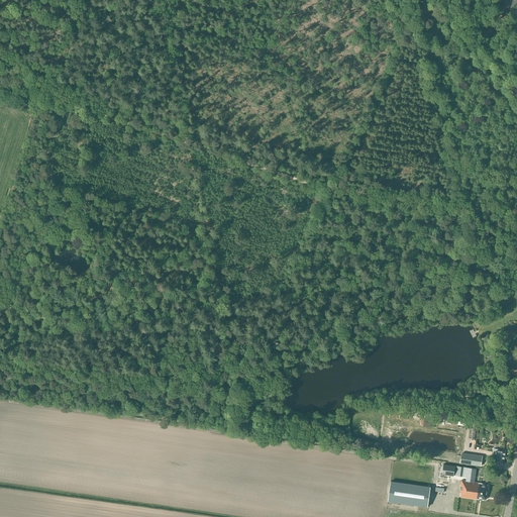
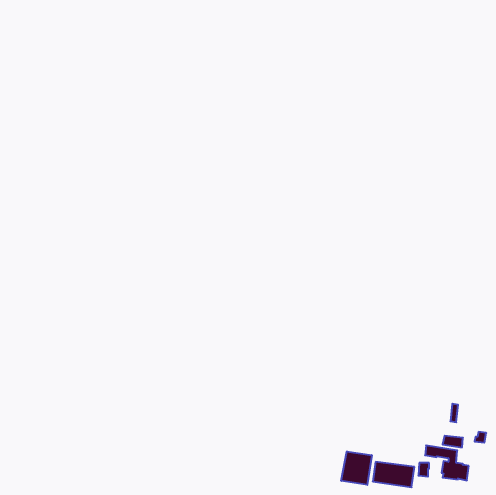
building: none -> [341,451,372,485]

